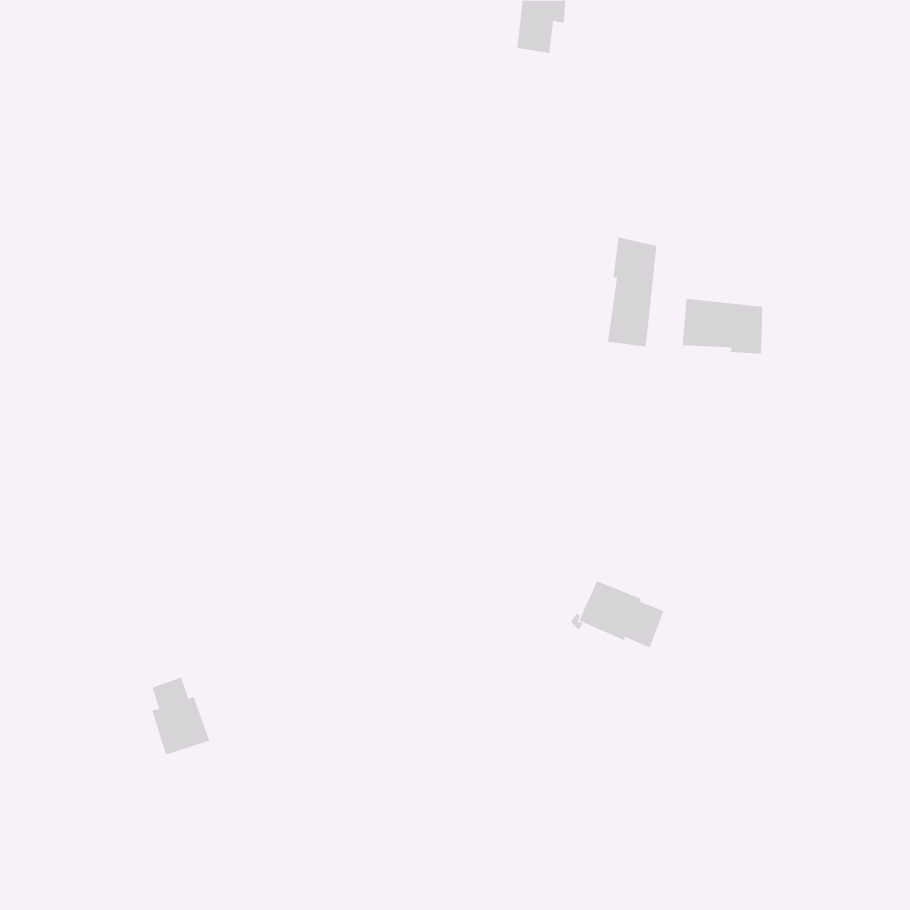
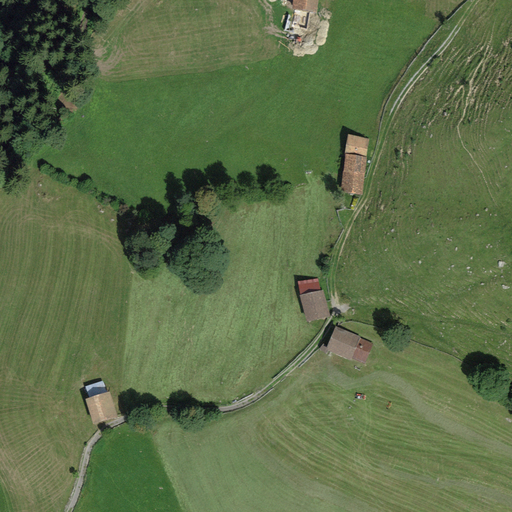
building: [682,298,763,354] -> none
building: none -> [298,278,330,323]

